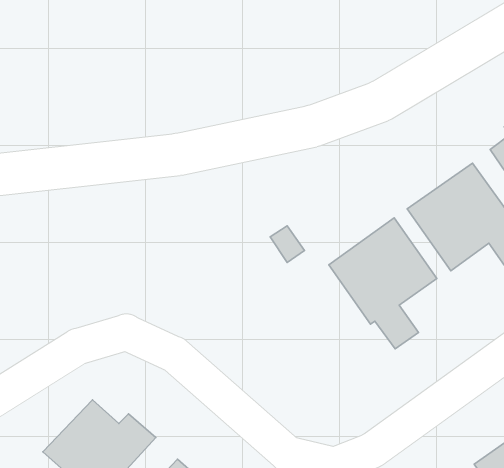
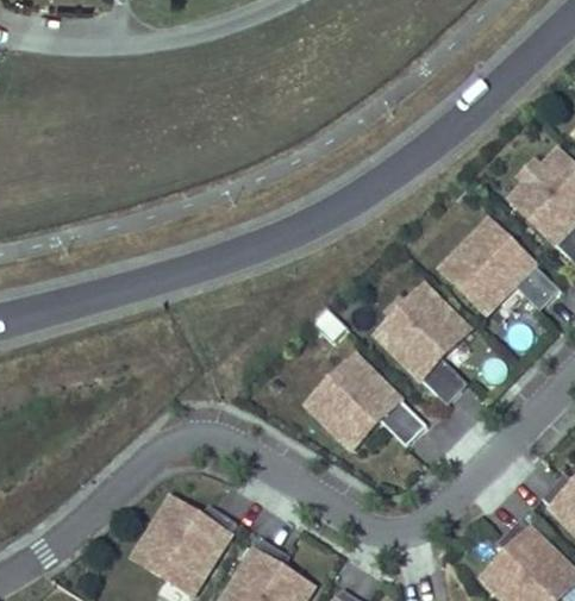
building: none -> [304,351,429,455]

